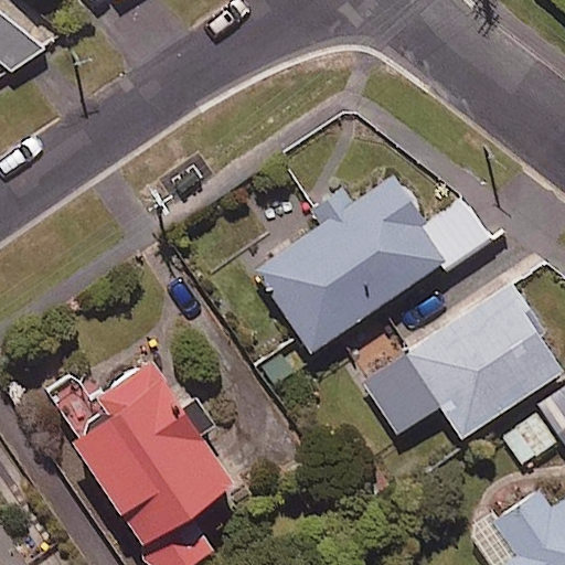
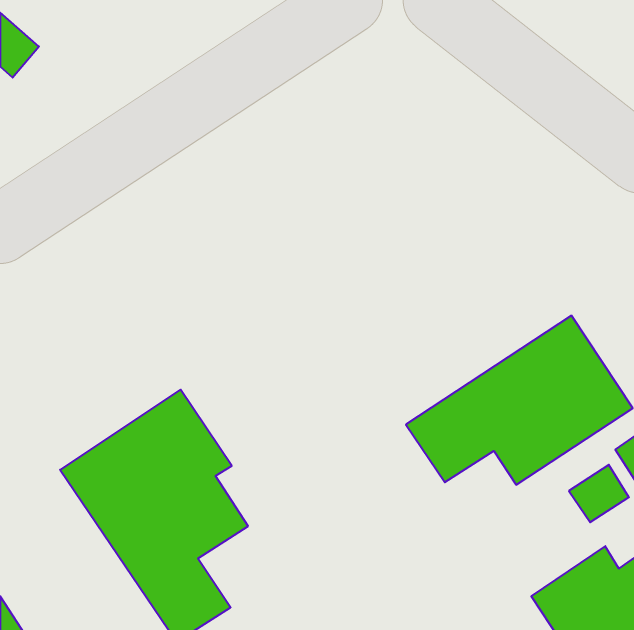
building: [258,178,492,350] -> none

